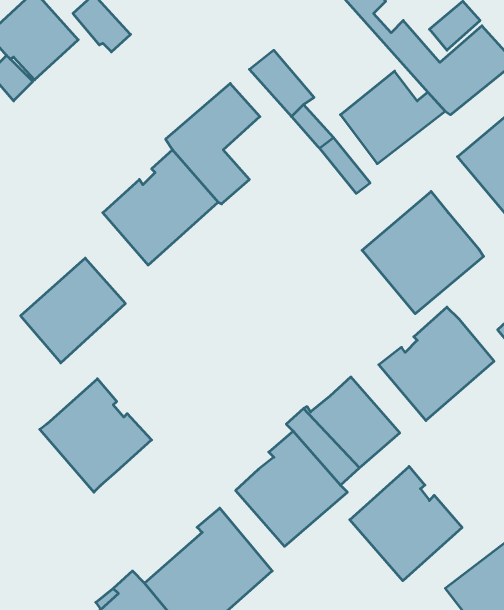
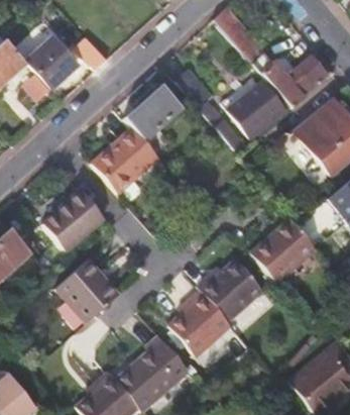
building: [362,191,484,314] -> none
building: [350,466,462,581] -> none

